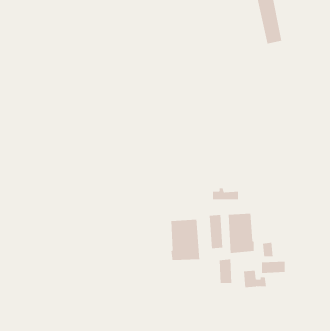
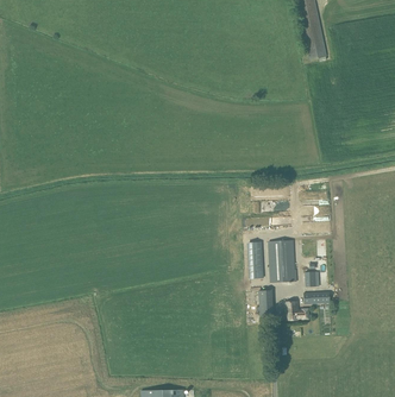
building: [171,219,200,261] -> none

